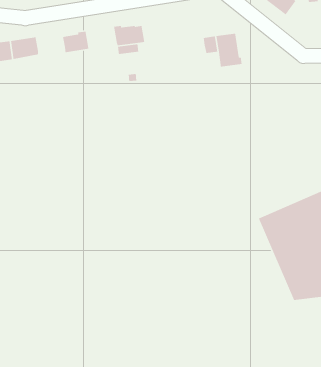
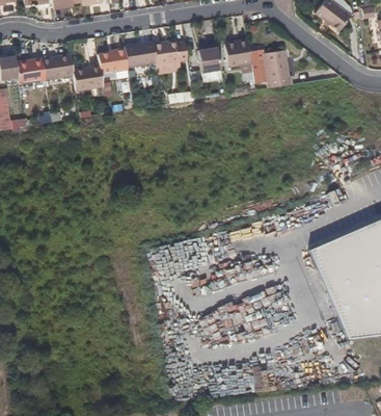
building: none -> [222,41,249,68]
building: none -> [123,42,155,68]
building: none -> [196,50,219,73]
building: none -> [72,67,102,92]

